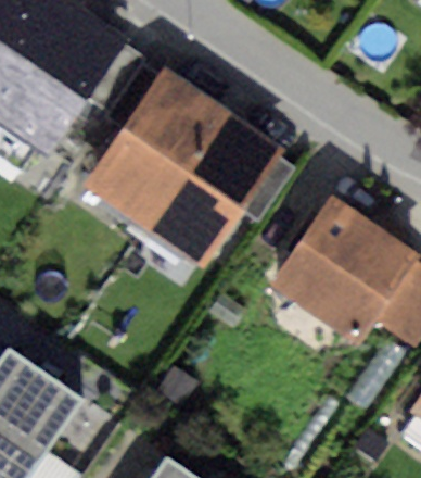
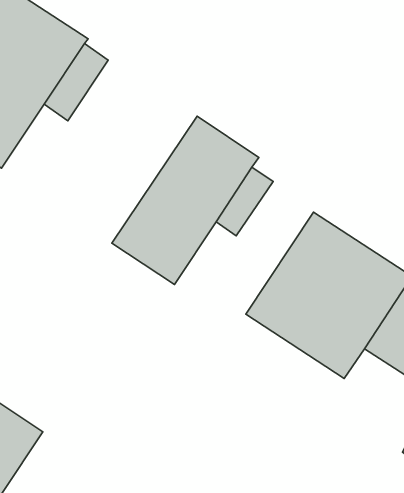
building: [85,67,222,224] -> none

